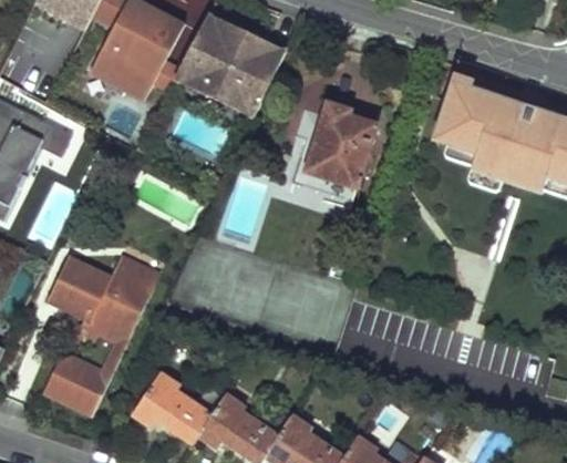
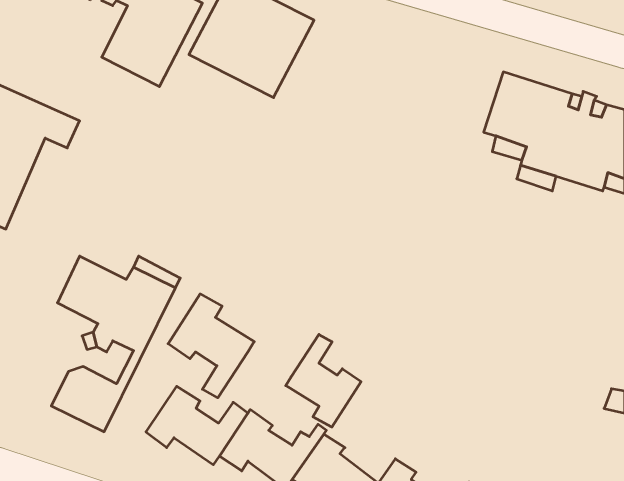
building: [293,106,378,209] -> none
building: none -> [168,294,254,398]
building: none -> [286,334,361,427]

